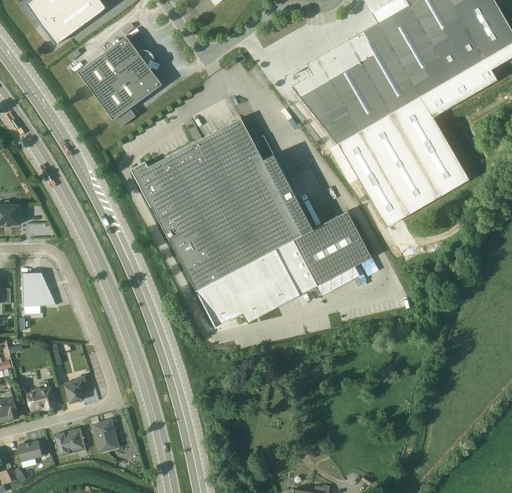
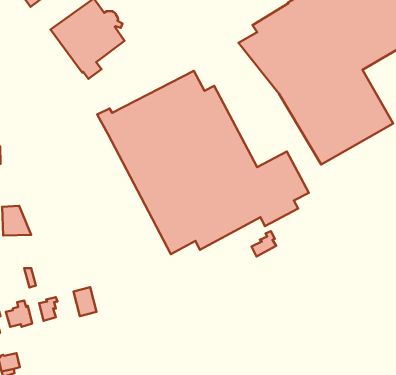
building: none -> [252,231,276,257]
building: [92,419,118,452] -> [74,287,96,316]
building: [52,427,86,455] -> none

